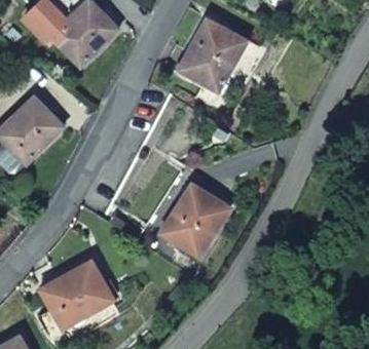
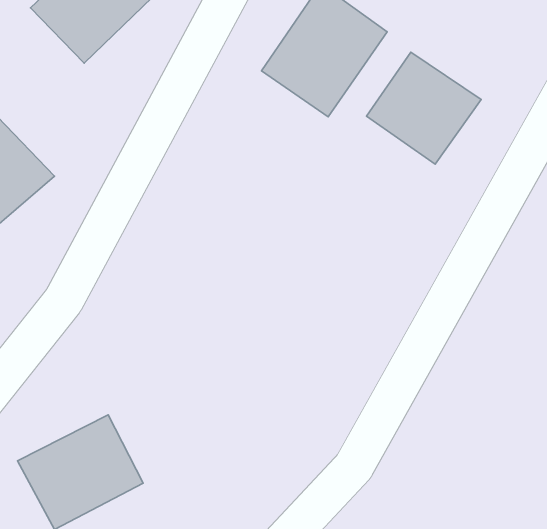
building: none -> [366,52,481,164]
building: [161,186,227,258] -> none

